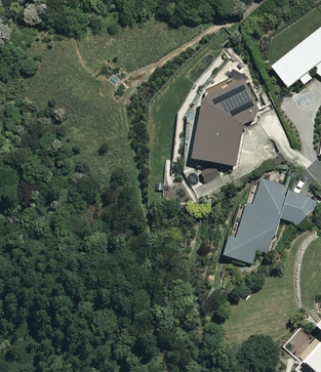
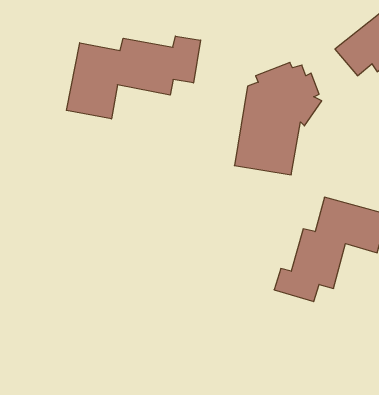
building: none -> [66,36,201,119]

